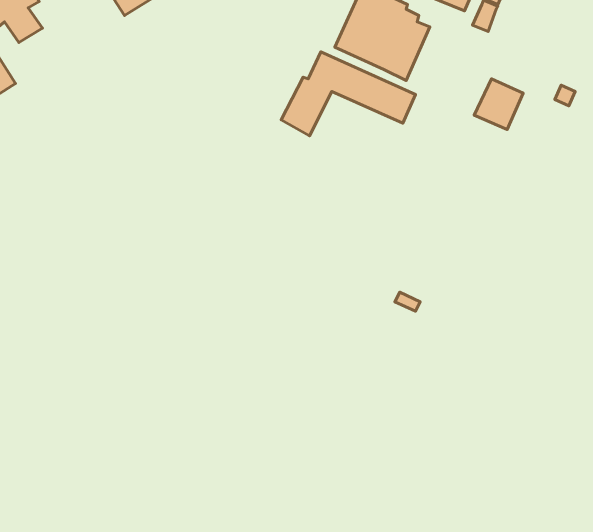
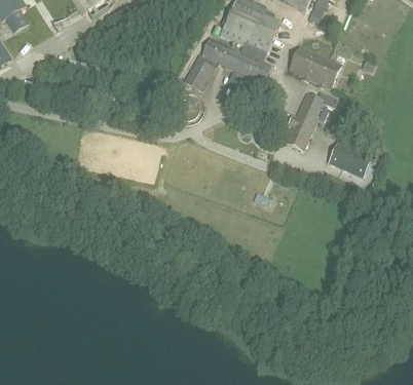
building: none -> [288,44,321,78]
building: none -> [284,92,336,150]
building: none -> [329,143,371,177]

